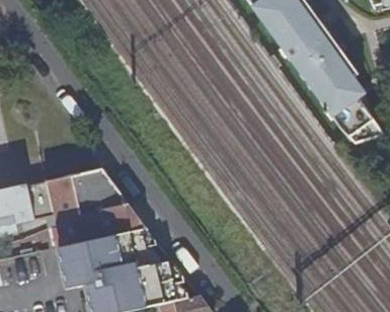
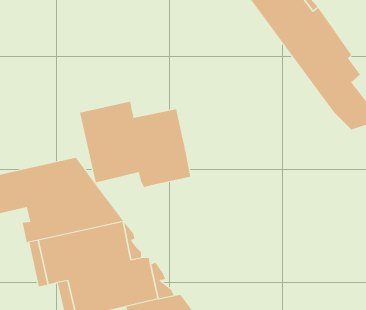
building: none -> [80,101,191,188]

